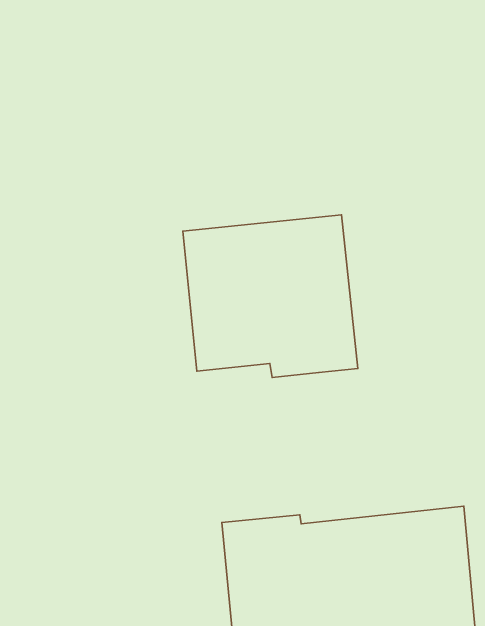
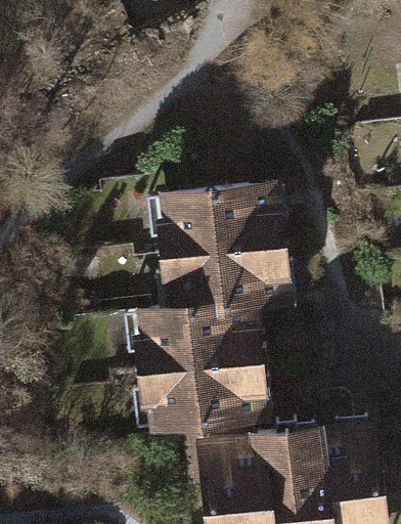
building: none -> [133,301,275,435]

